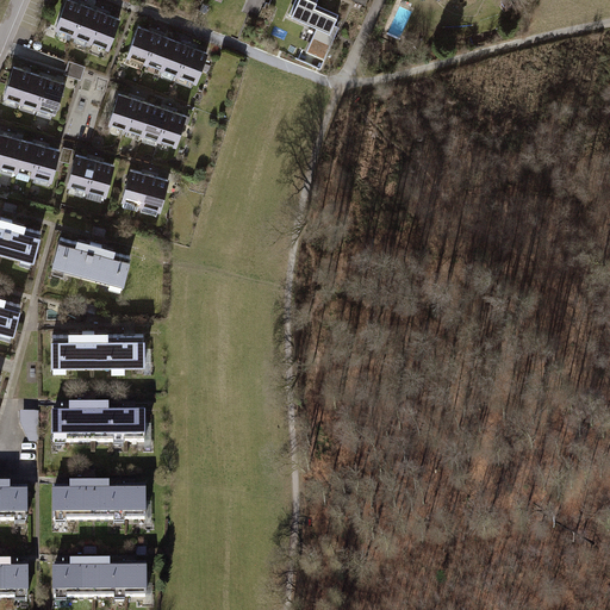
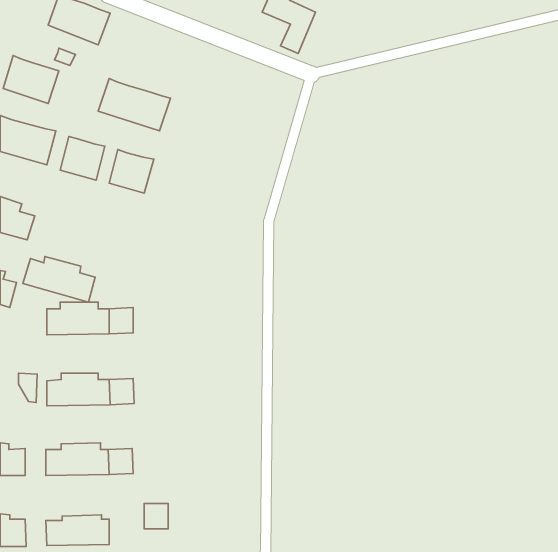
building: [123,23,207,85] -> none
building: [50,237,129,287] -> [23,256,95,302]
building: [119,567,145,595] -> [144,504,168,529]

